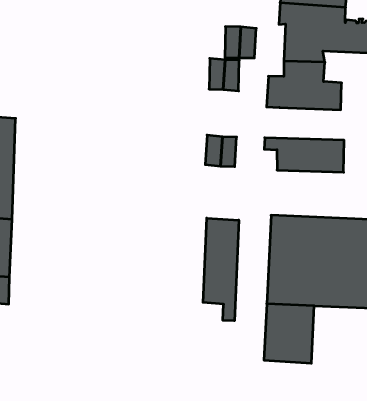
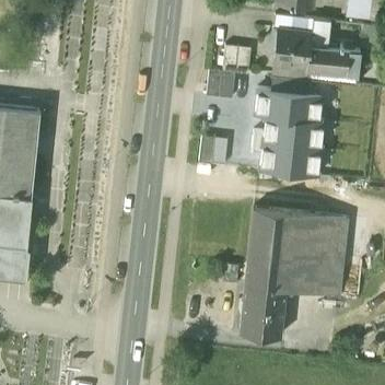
building: none -> [253,118,324,150]
building: [203,218,239,321] -> none

